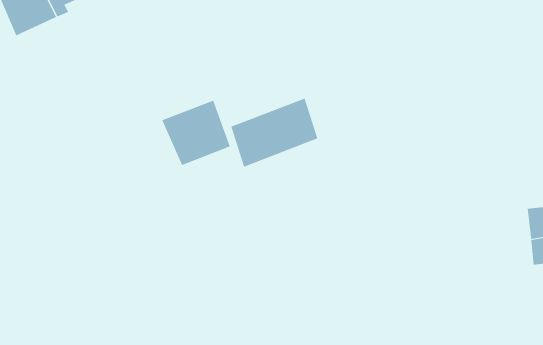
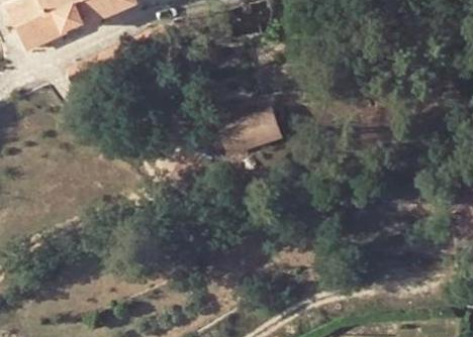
building: [162,100,231,166] -> none

